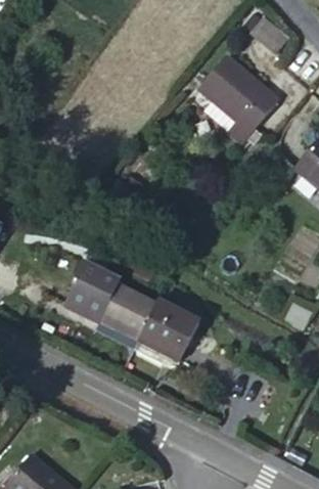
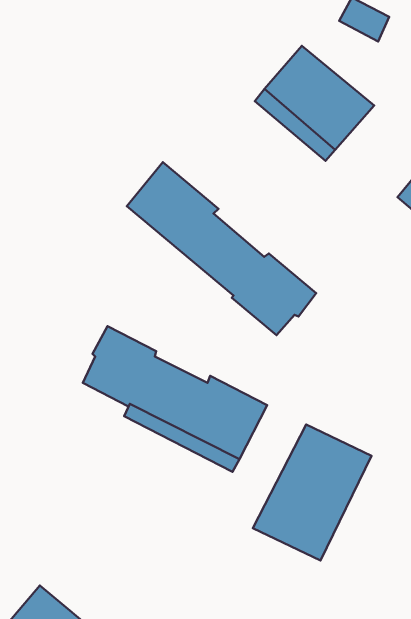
building: none -> [127,162,316,335]
building: none -> [253,424,371,560]

